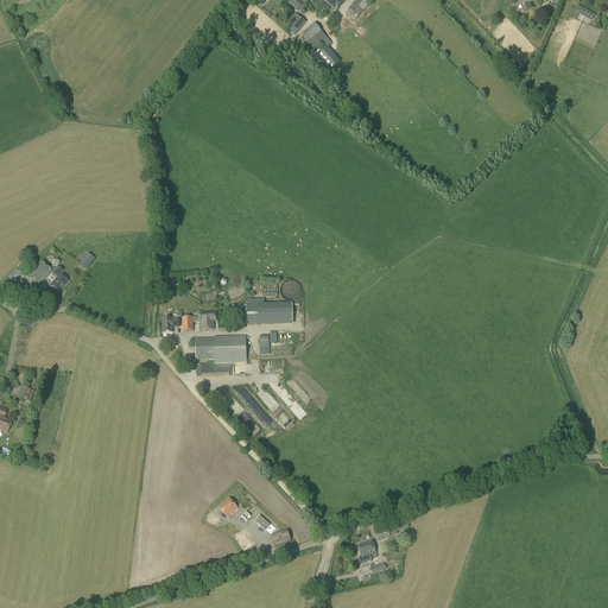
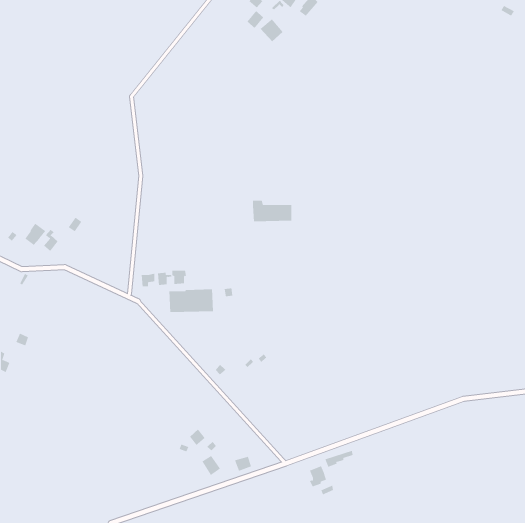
building: [246,298,292,323] -> [252,200,292,222]

